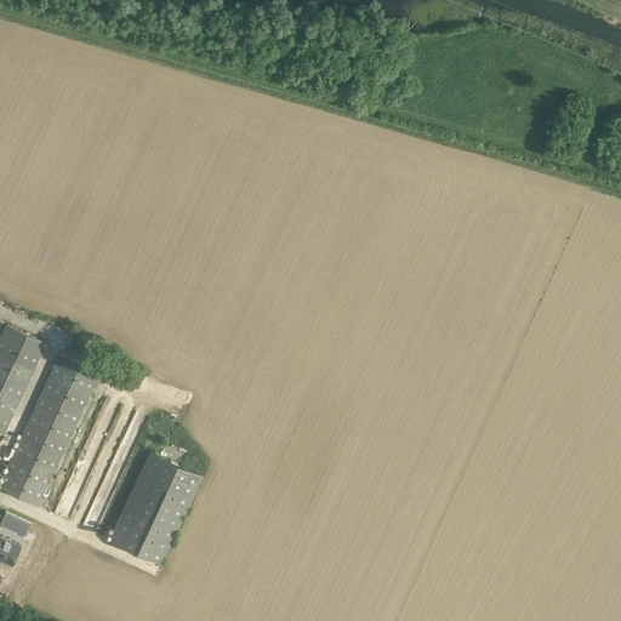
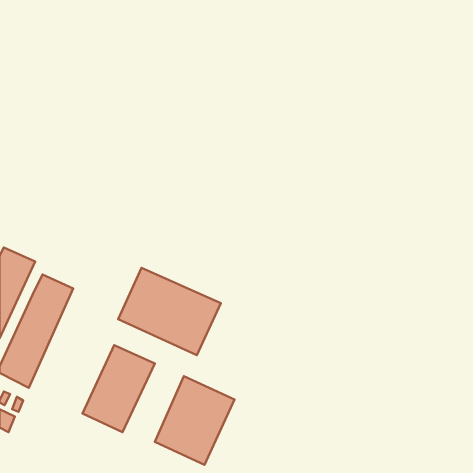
building: none -> [118,268,221,355]
building: none -> [155,376,235,465]

